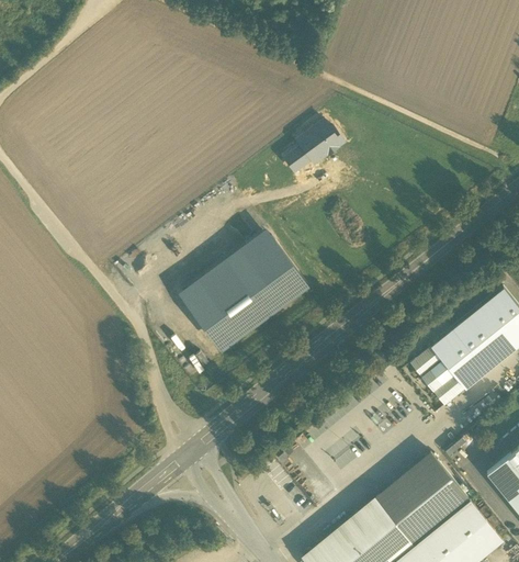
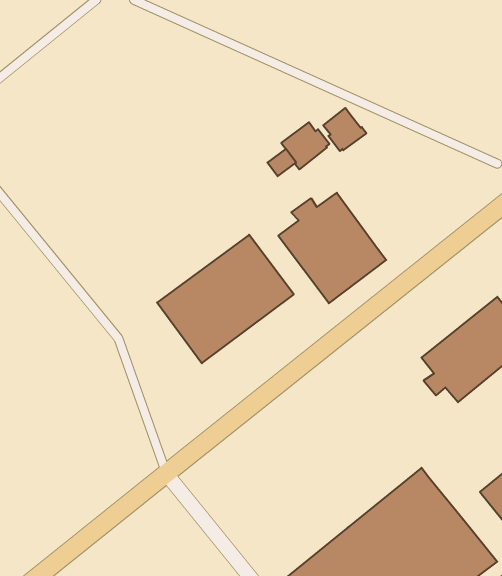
building: none -> [323,108,366,151]
building: none -> [278,193,386,303]
building: [411,346,466,405] -> none

